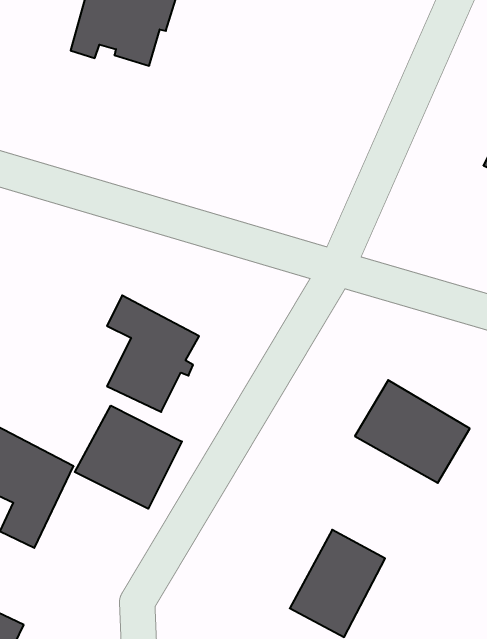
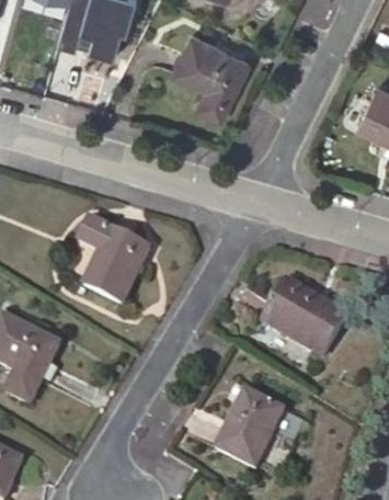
building: none -> [173,33,248,117]
building: [75,406,182,509] -> none

